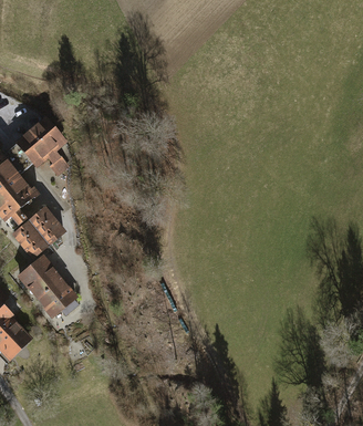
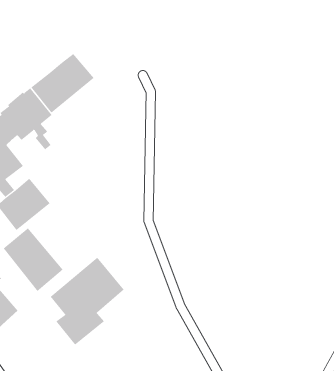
building: none -> [31,53,94,114]
building: none -> [50,257,124,346]

